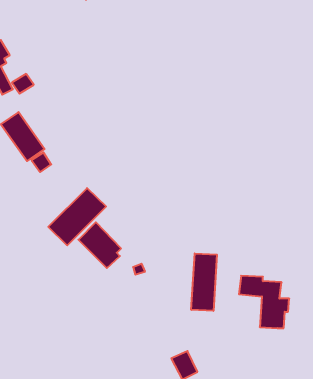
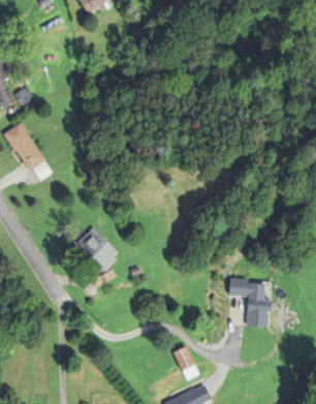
building: [48,188,106,245] -> none
building: [191,253,217,311] -> none

